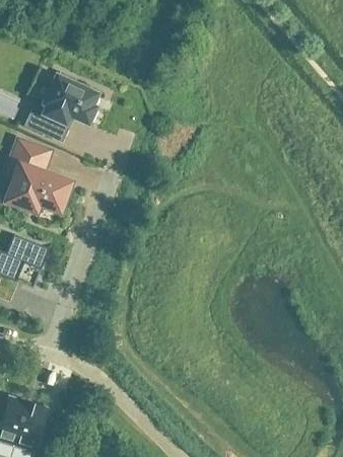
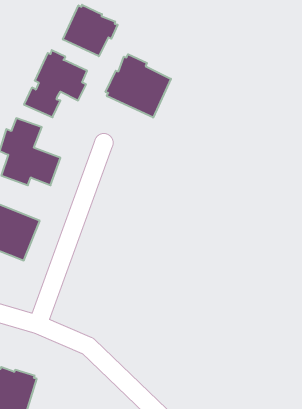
building: none -> [63,5,118,56]
building: none -> [106,54,171,118]

